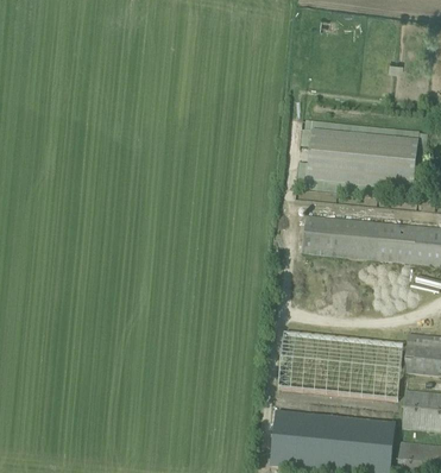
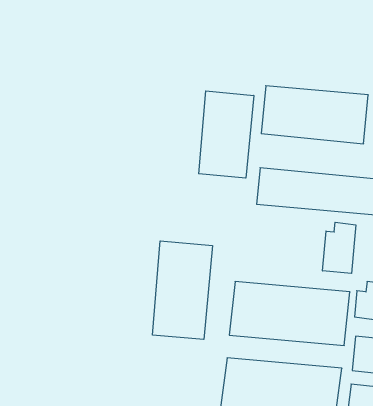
building: none -> [199,91,254,178]
building: none -> [323,222,356,273]
building: none -> [153,241,212,339]

